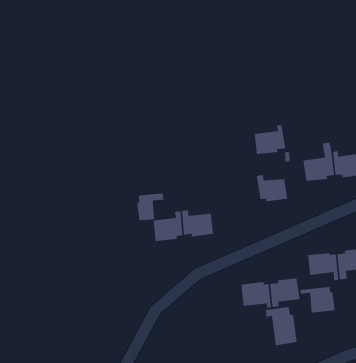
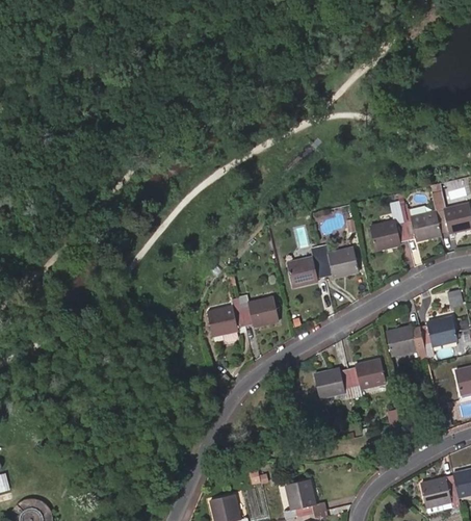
building: [254,125,286,155] -> [287,249,325,286]
building: [136,193,164,221] -> none
building: [300,286,336,314] -> none
building: [265,306,297,346] -> none

